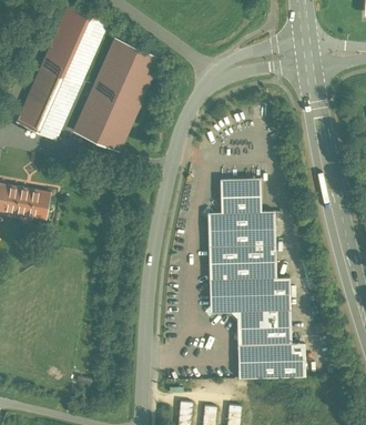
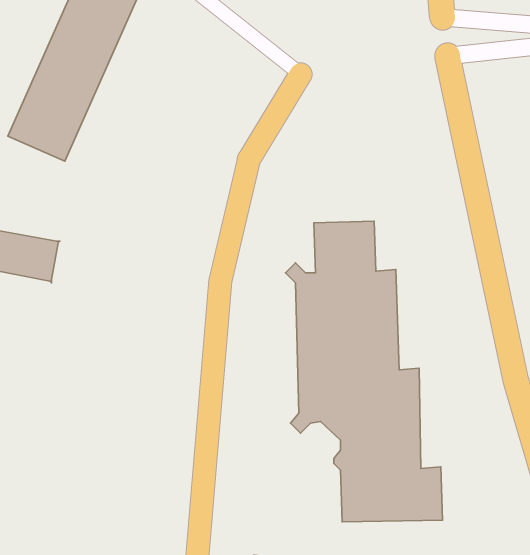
building: [73,39,161,151] -> none

